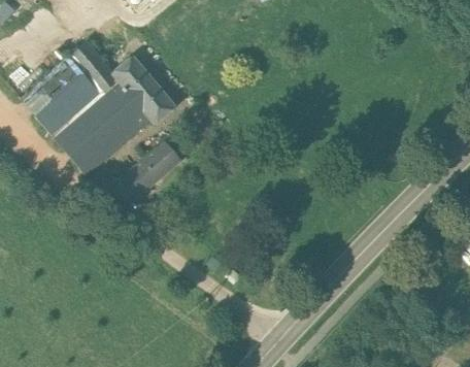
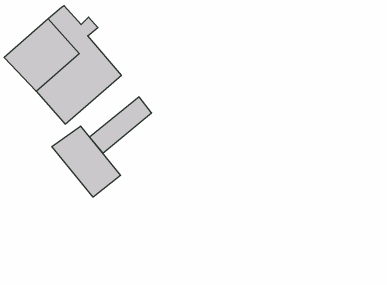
building: [112,57,177,125] -> none
building: none -> [52,126,121,197]

